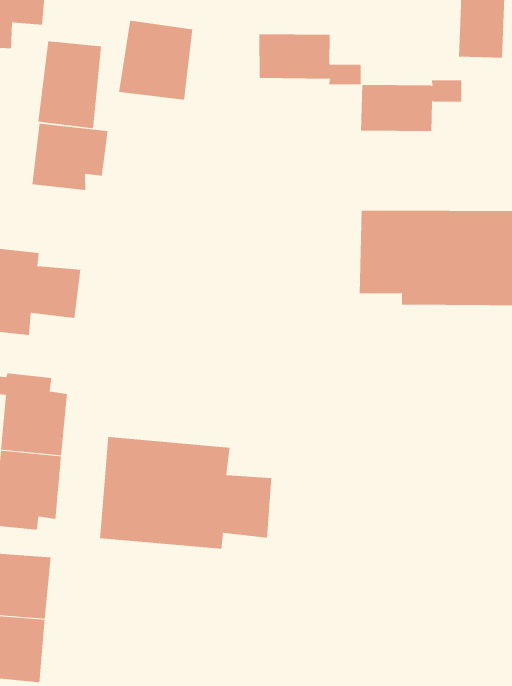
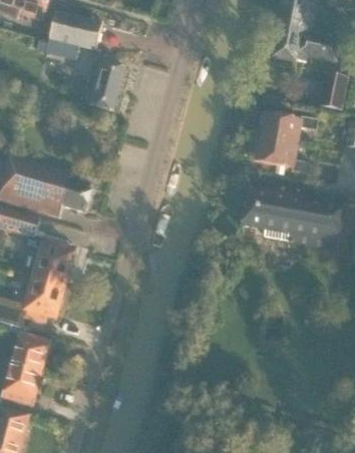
building: [118,20,193,101] -> none
building: [259,34,362,85] -> [254,136,311,173]
building: [32,123,108,191] -> none
building: [100,436,272,550] -> none

